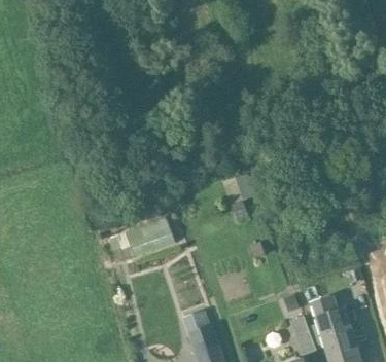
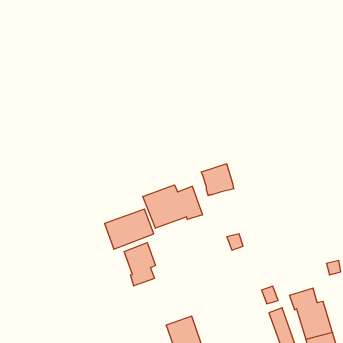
building: none -> [143,185,203,228]
building: none -> [124,243,155,286]

